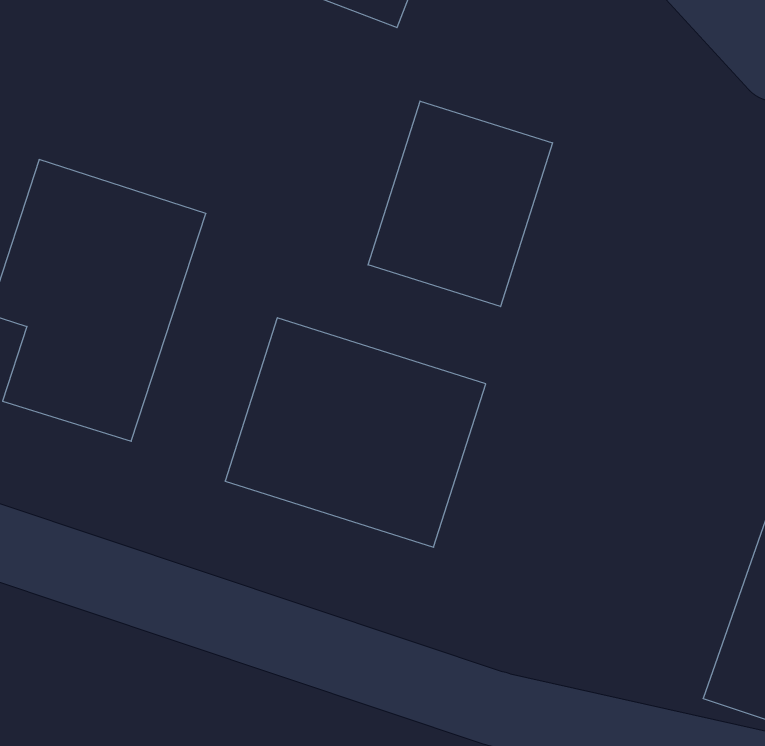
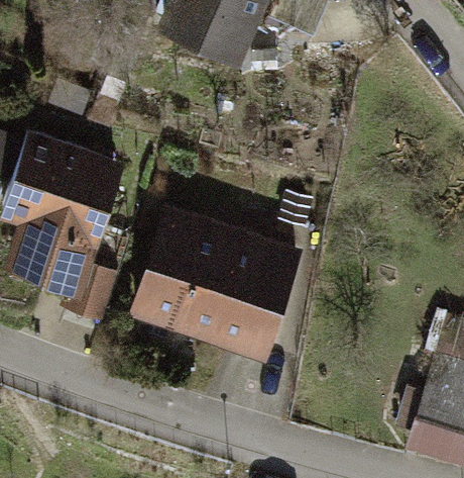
building: [368,101,553,307] -> none

